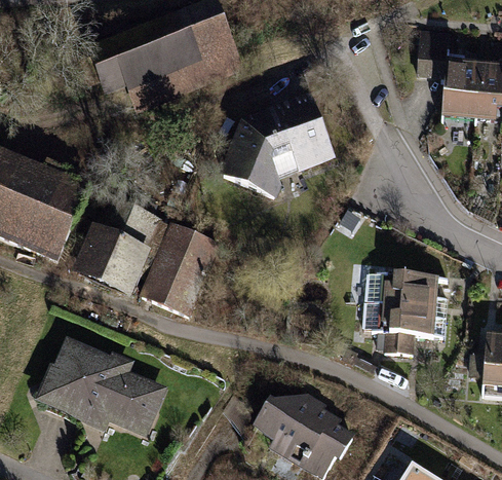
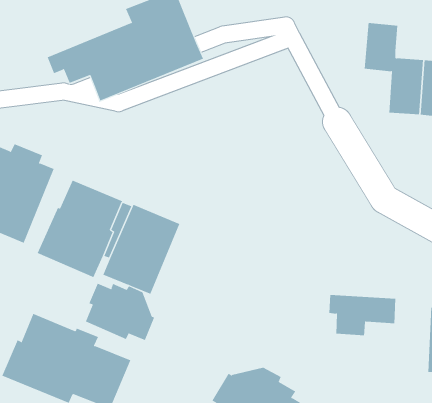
building: [220,91,337,196] -> none
building: [359,263,449,320] -> none
building: none -> [85,283,155,341]

